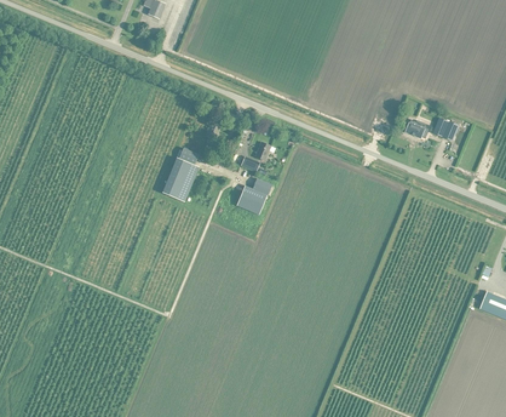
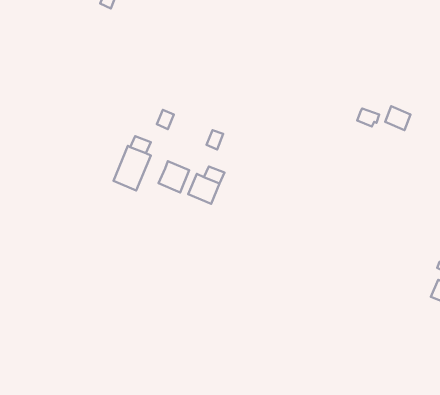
building: none -> [158,161,189,192]

